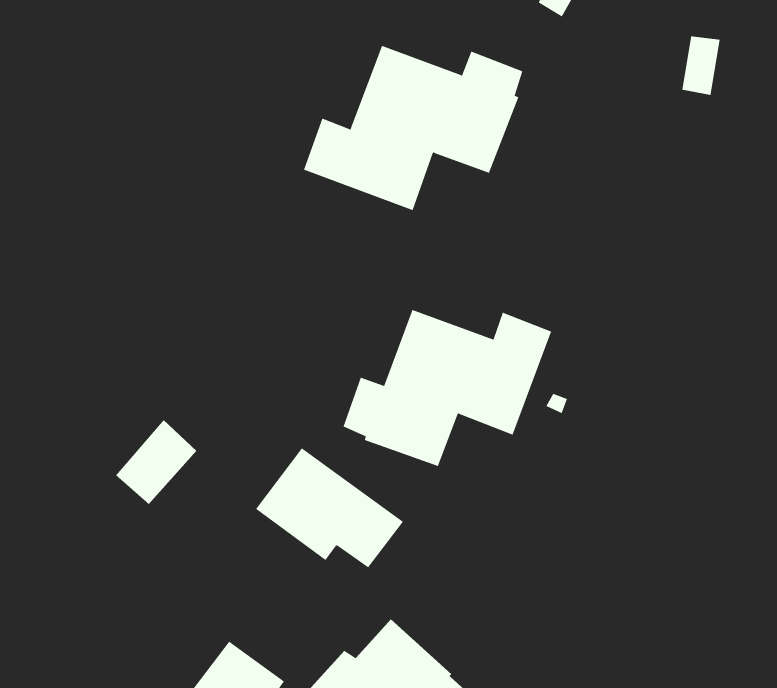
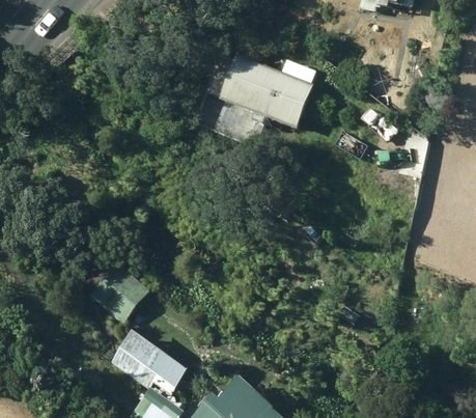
building: [343,309,552,467] -> none
building: [255,447,404,568] -> [105,327,188,394]

